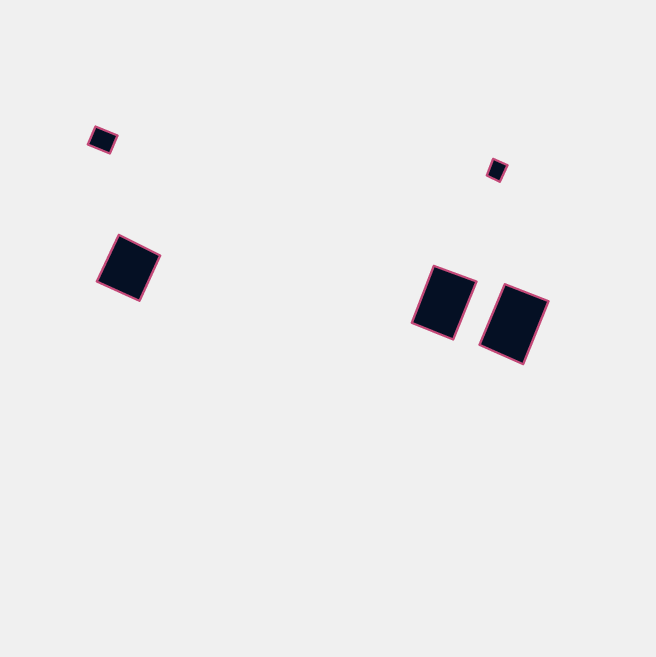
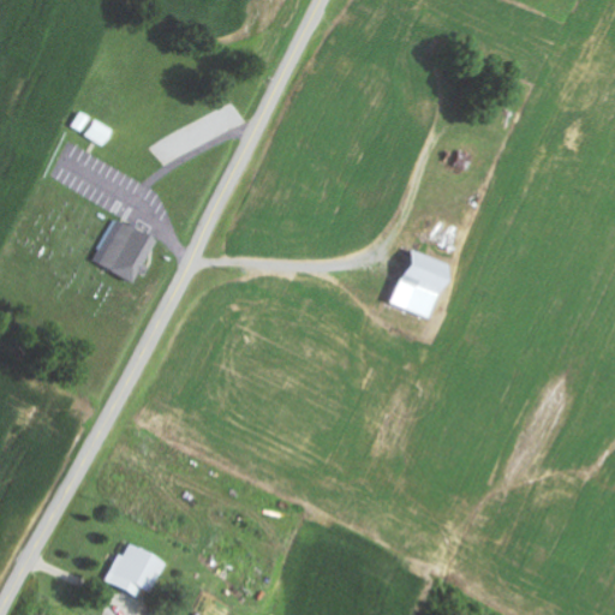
building: [480,284,548,364] -> none
building: none -> [106,544,165,599]

